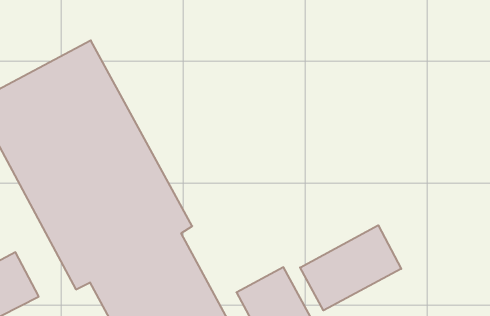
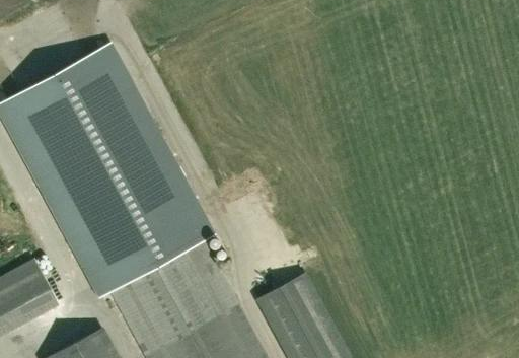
building: [300,225,401,310] -> none

